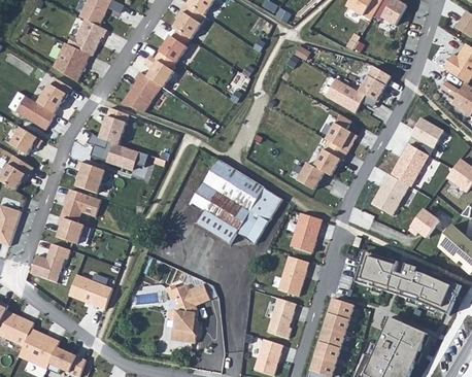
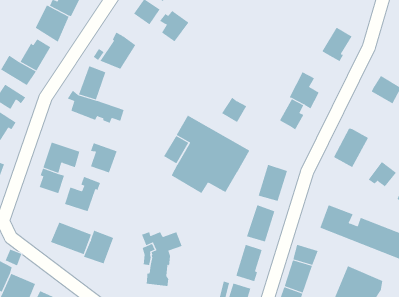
building: [144,52,176,85] -> [159,10,189,42]
building: [323,76,362,112] -> none
building: [391,143,428,185] -> none
building: [76,161,105,194] -> [90,142,117,173]
building: [297,162,325,190] -> [221,97,247,123]
building: [31,243,70,281] -> [64,176,101,212]
building: none -> [83,230,114,264]

